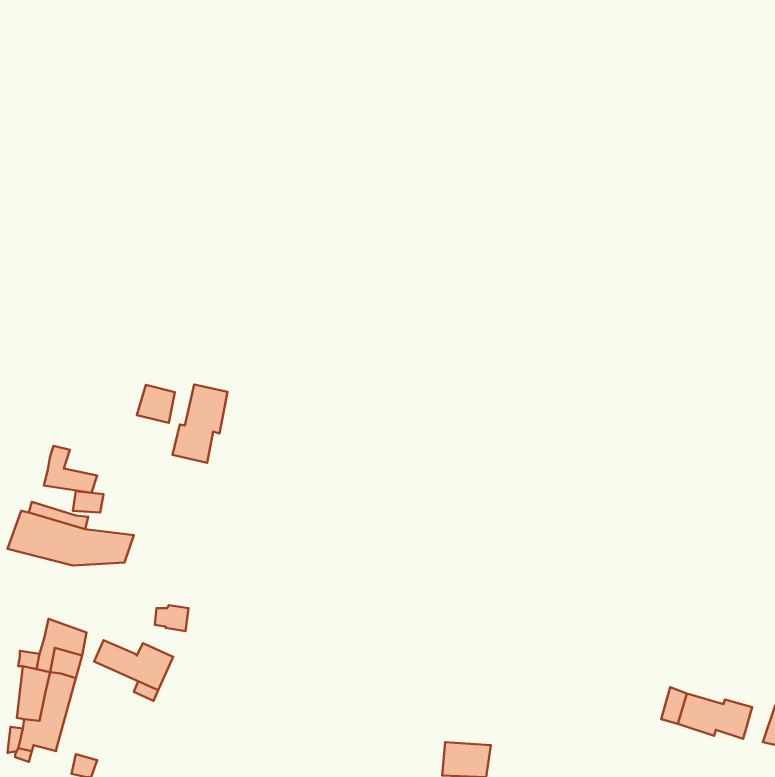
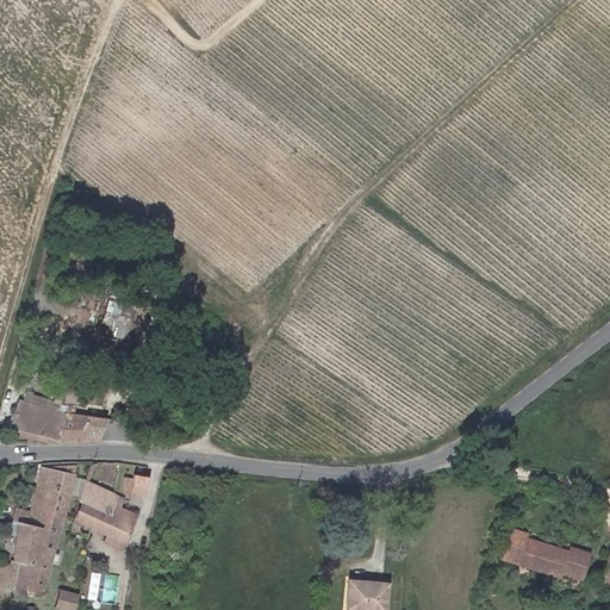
building: [173,385,227,463] -> none
building: [44,446,97,493] -> none
building: none -> [39,461,79,496]
building: none -> [77,481,114,513]
building: none -> [503,529,529,564]

